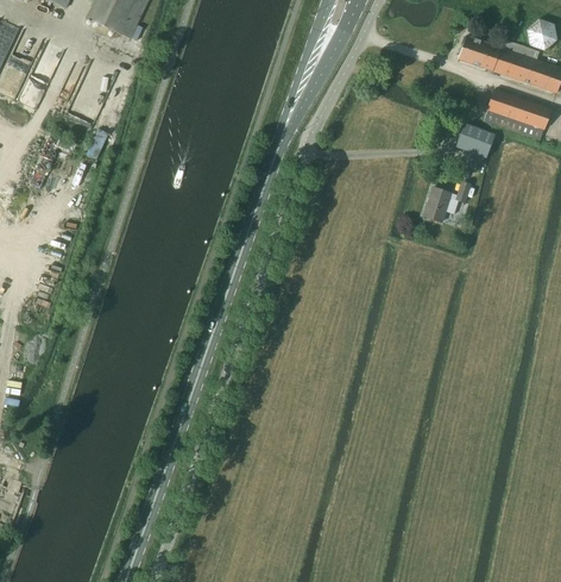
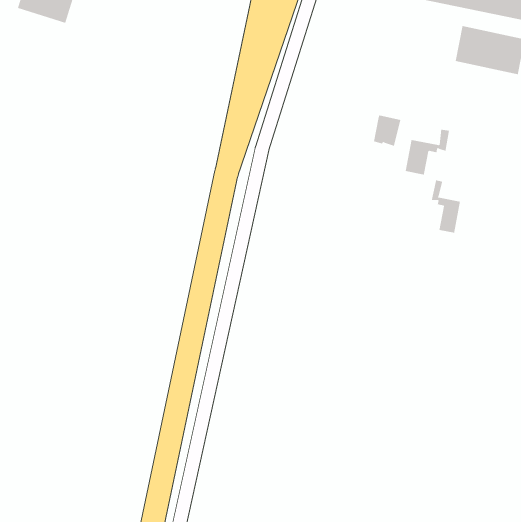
building: [456,123,485,154] -> [373,115,401,146]
building: none -> [431,179,461,234]

